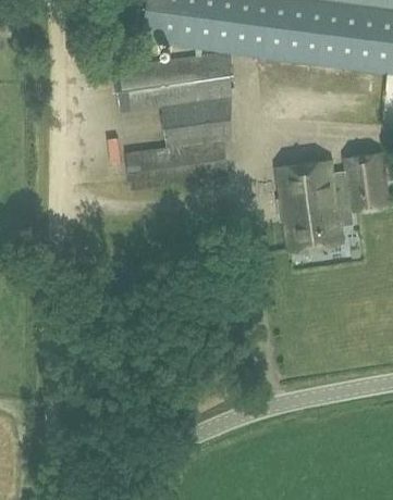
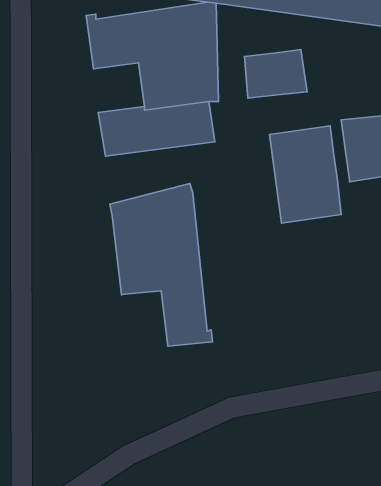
building: none -> [244,49,307,98]
building: none -> [110,183,213,346]

